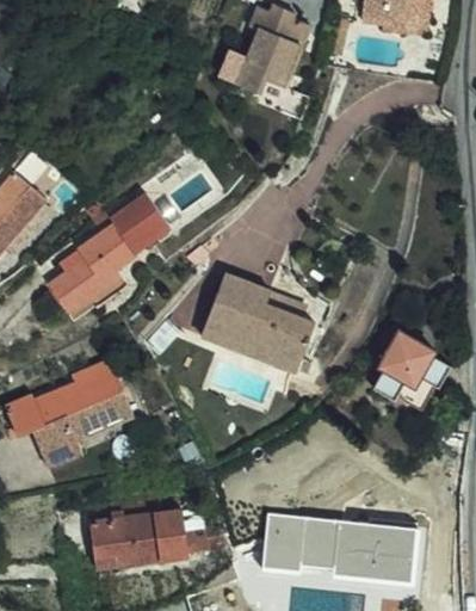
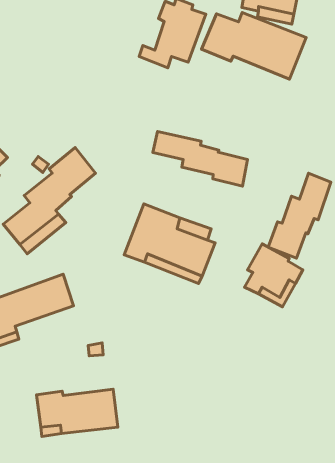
building: none -> [202,13,306,79]
building: none -> [153,131,248,186]
building: none -> [268,173,331,258]
building: [265,511,420,580] -> none

